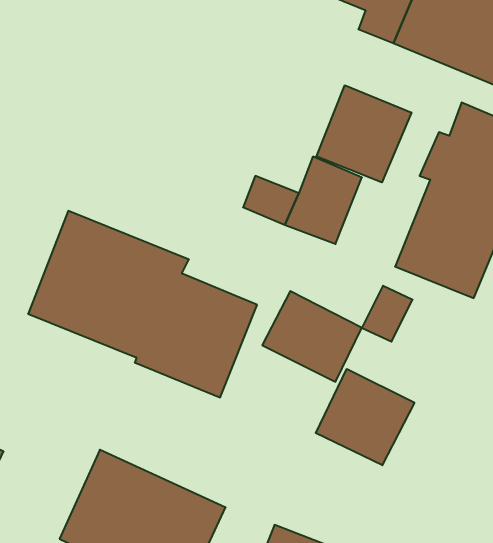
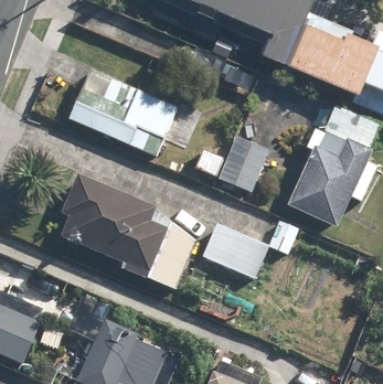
building: none -> [65,68,175,154]
building: [316,85,411,182] -> none
building: [316,369,414,465] -> none

